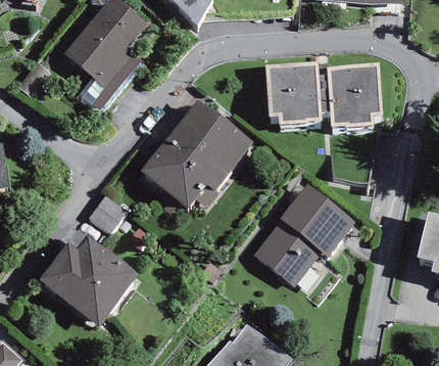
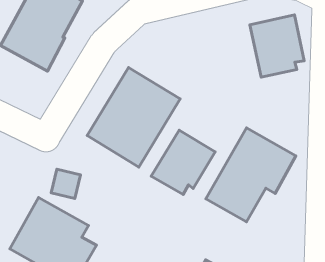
building: [275,74,327,138] -> none
building: none -> [151,130,215,195]

